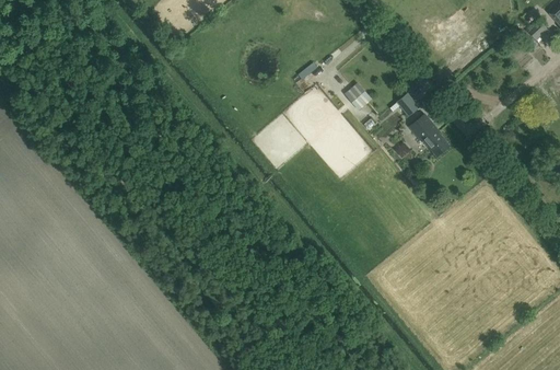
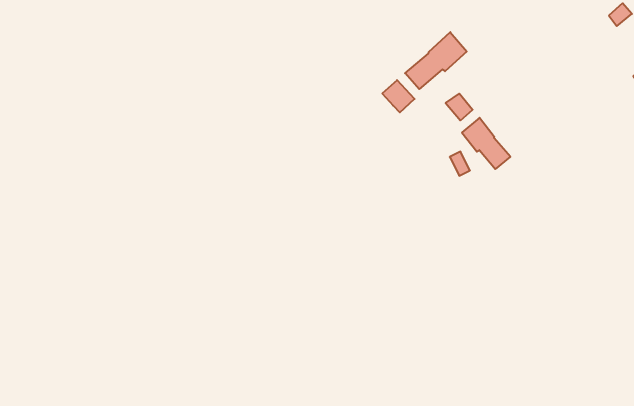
building: none -> [405,32,467,89]

